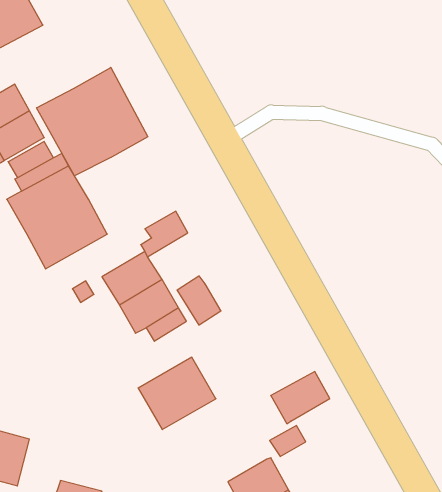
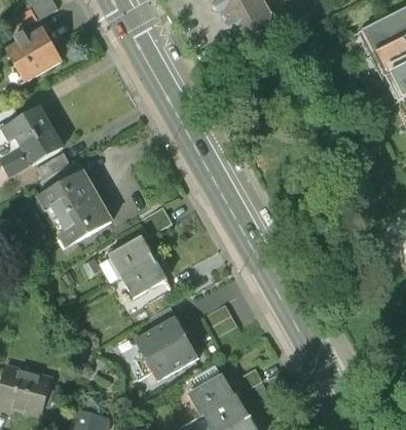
building: [37,67,148,176] -> none
building: [177,276,221,325] -> none
building: [271,372,330,424] -> [188,374,233,414]

